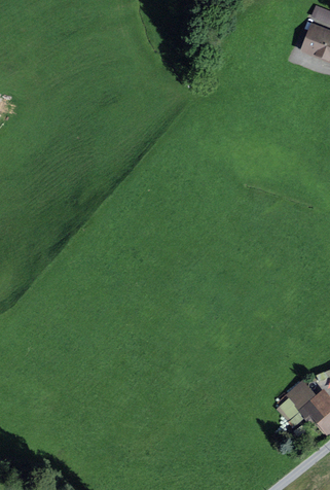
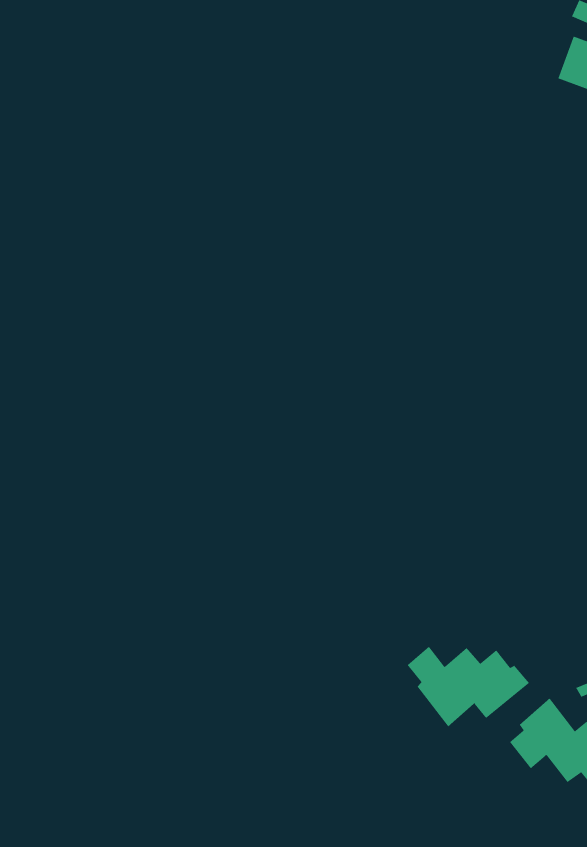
building: none -> [407,646,530,727]

